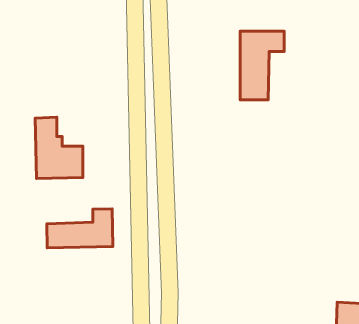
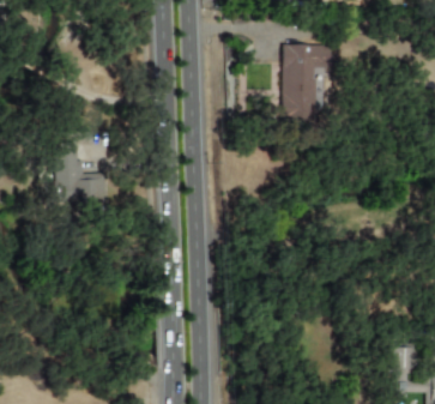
building: [47,209,113,248] -> none

